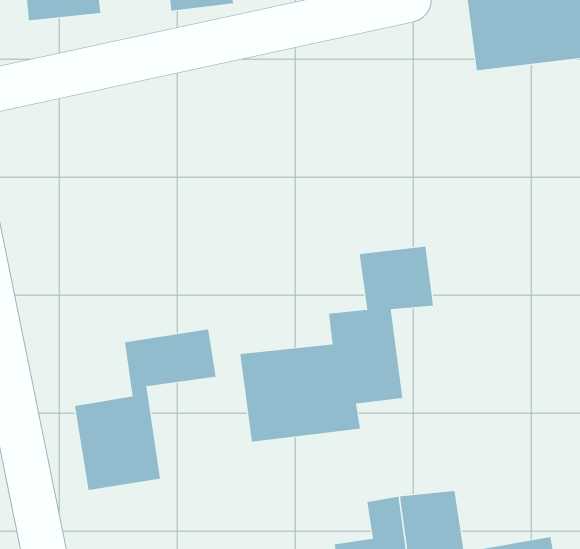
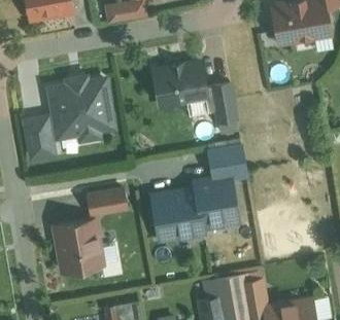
building: none -> [150,62,235,131]
building: none -> [25,74,118,162]

